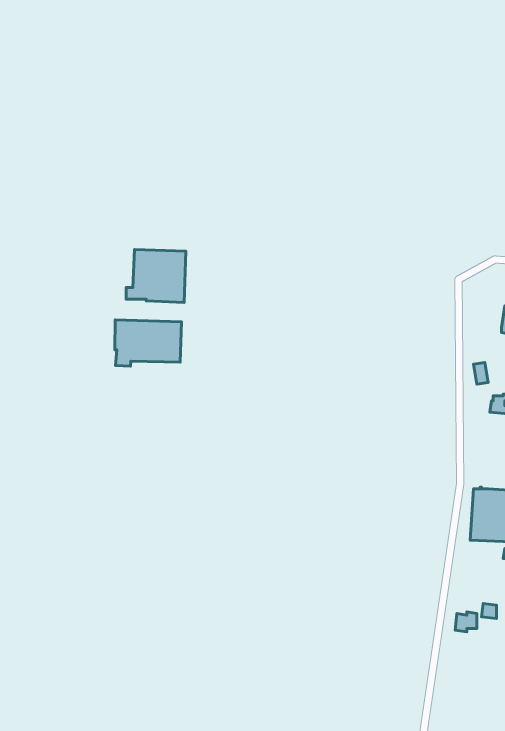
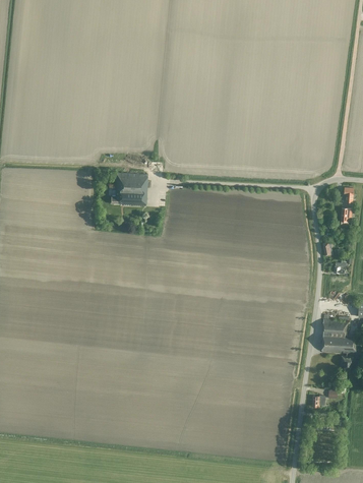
building: [115,320,181,366] -> none

